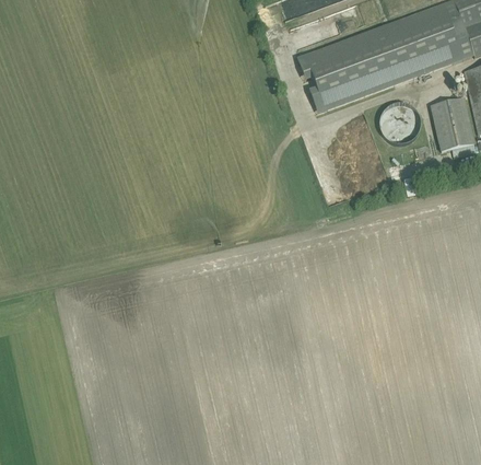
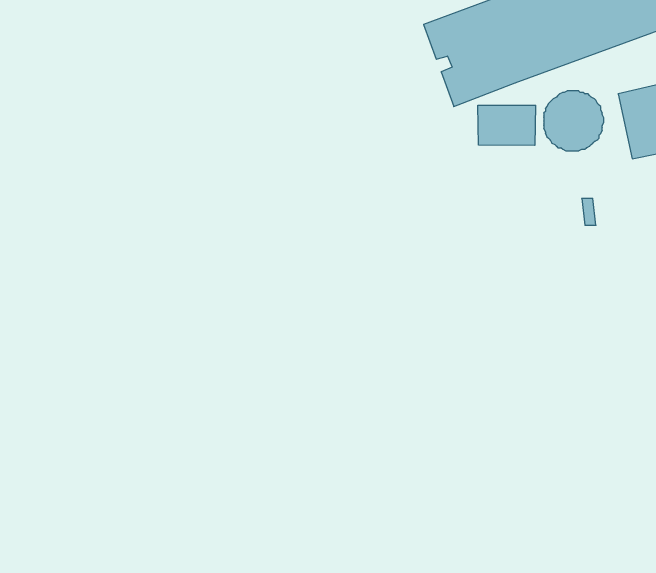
building: none -> [478,105,536,145]

